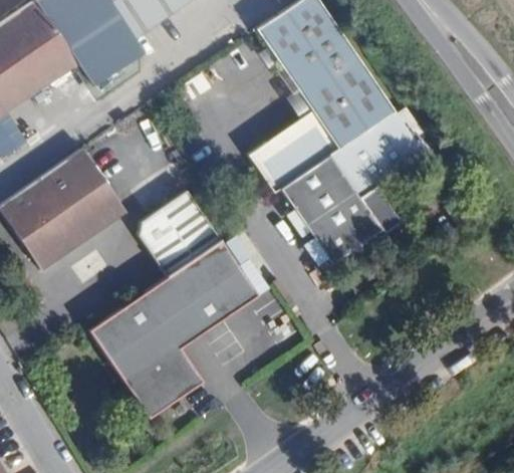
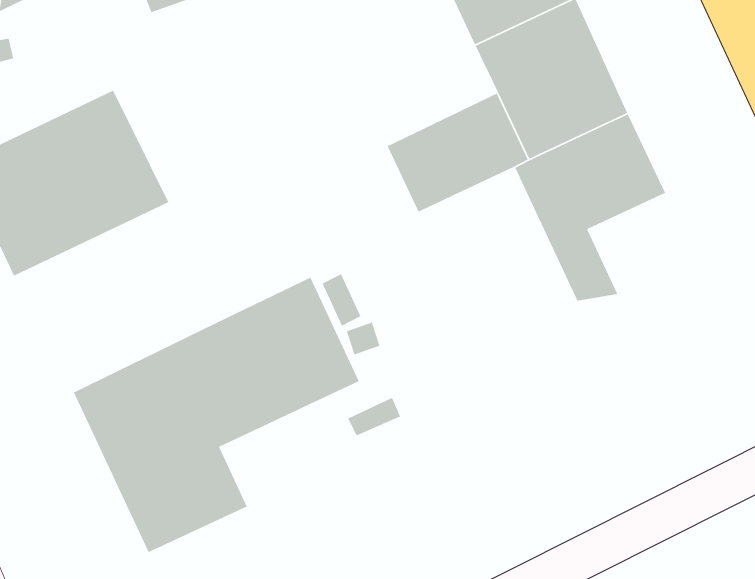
building: [280,155,380,262] -> none
building: [139,188,221,275] -> none

